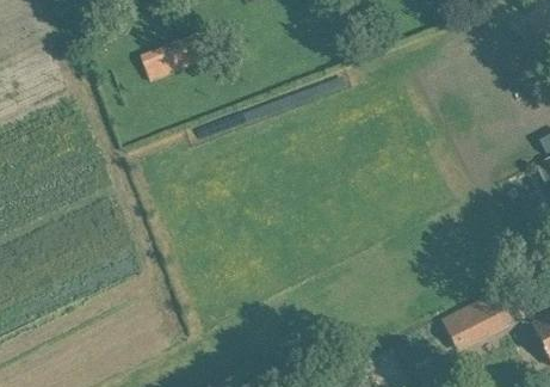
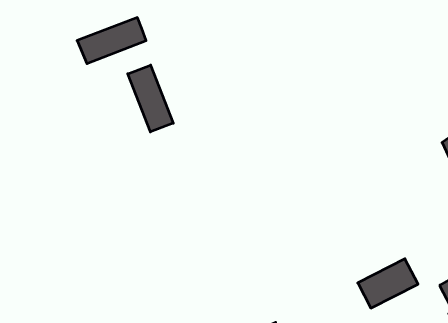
building: none -> [128,65,173,132]

